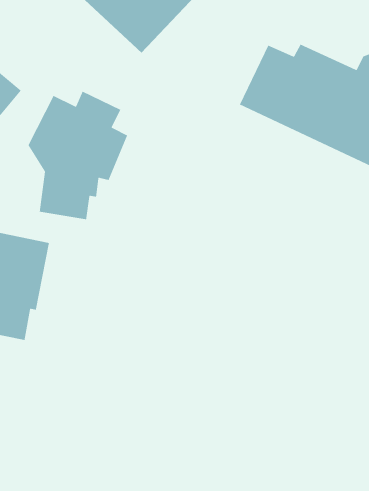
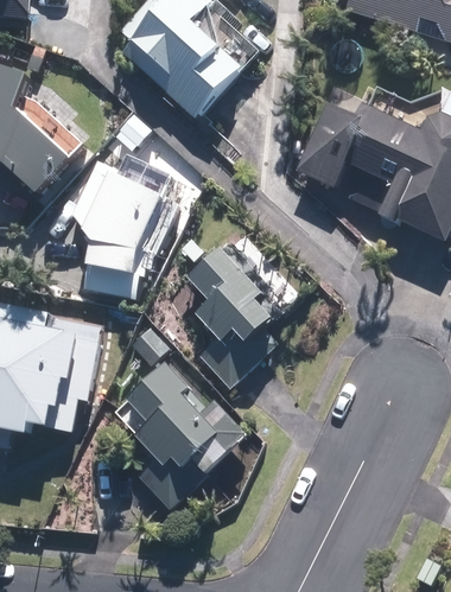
building: none -> [190,243,288,384]
building: none -> [126,363,246,507]

